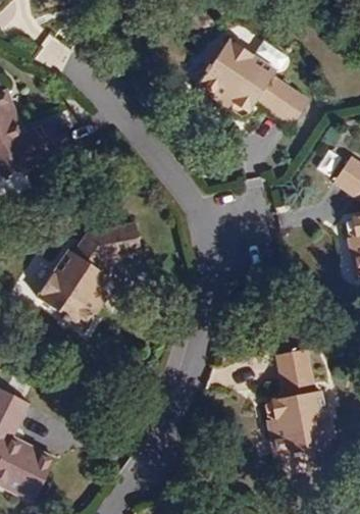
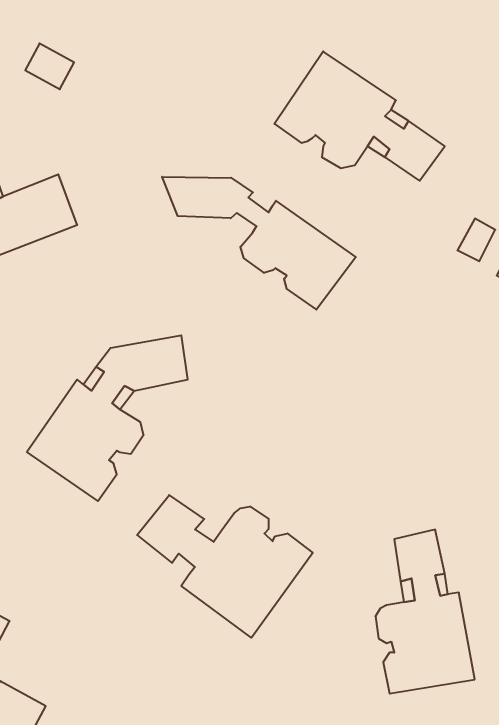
building: none -> [162,177,356,310]
building: none -> [137,495,313,638]

